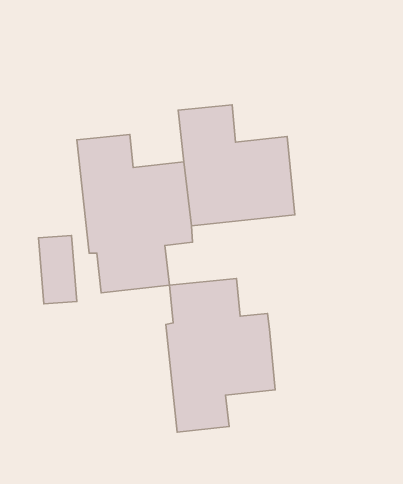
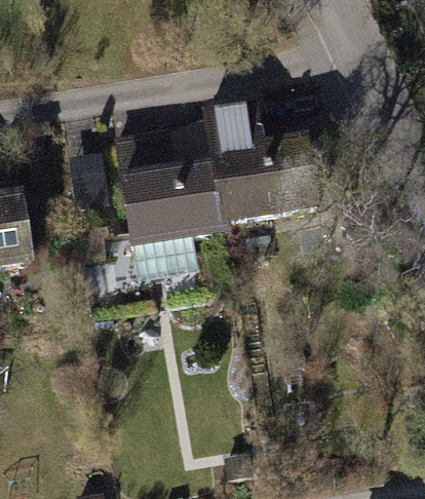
building: [166,278,275,432] -> none

